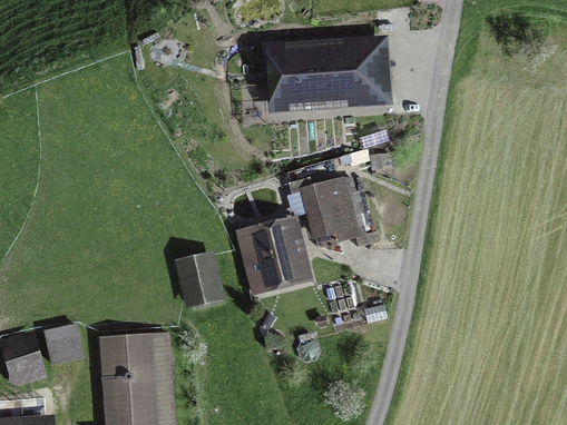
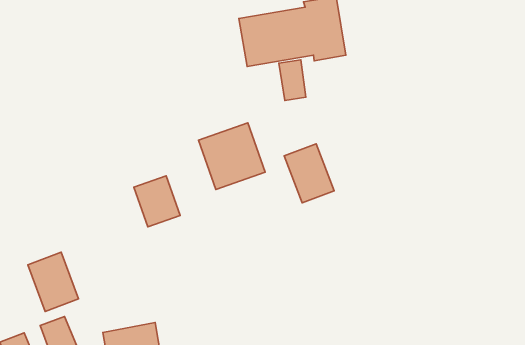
building: [244,225,307,288] -> [199,123,265,189]
building: [178,255,222,304] -> [134,176,180,227]
building: none -> [28,252,78,312]

